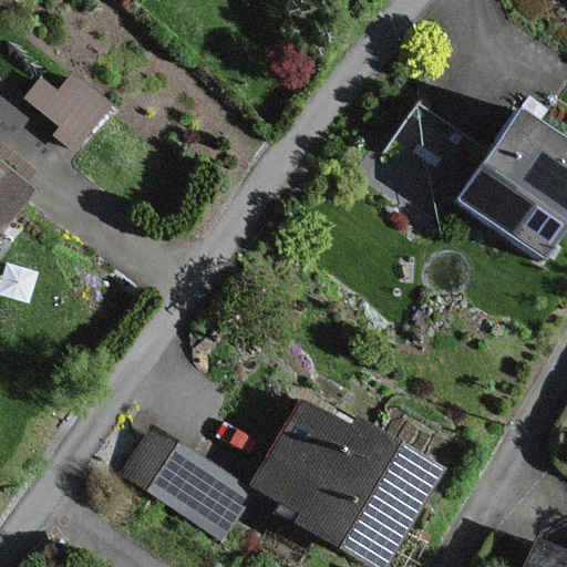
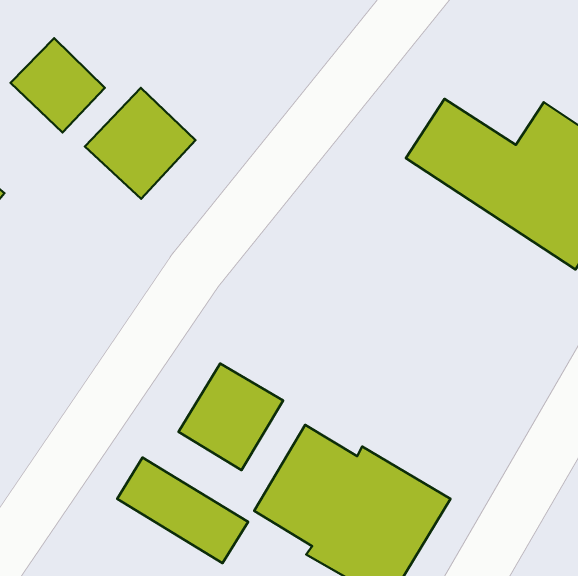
building: none -> [85,88,195,199]
building: none -> [178,363,283,470]

